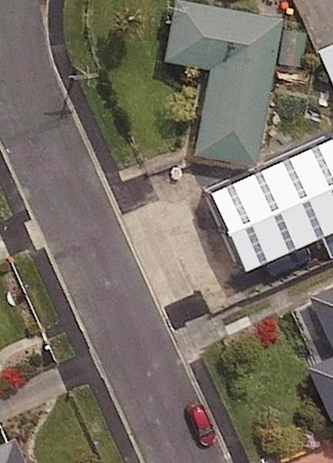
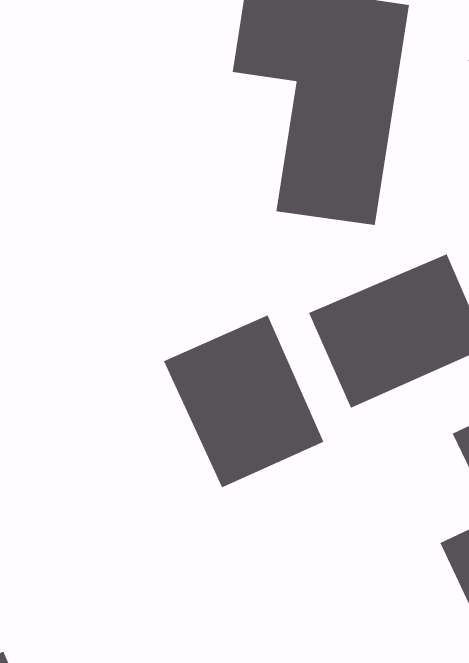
building: none -> [163,314,324,488]

